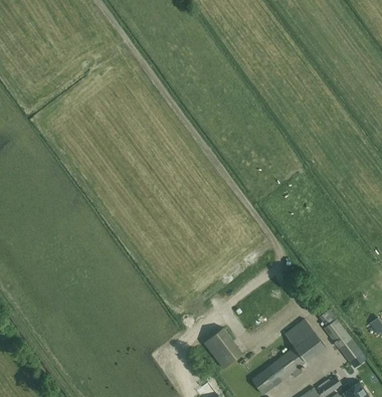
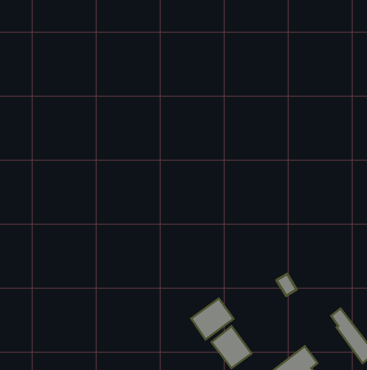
building: none -> [191,299,233,340]
building: [284,319,326,363] -> none

